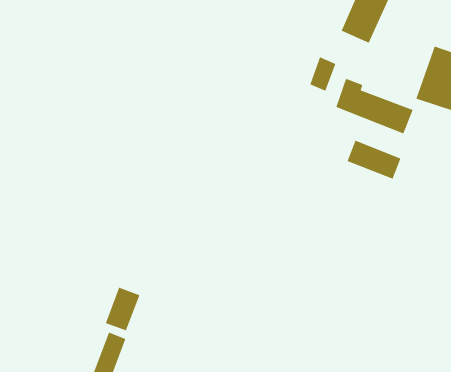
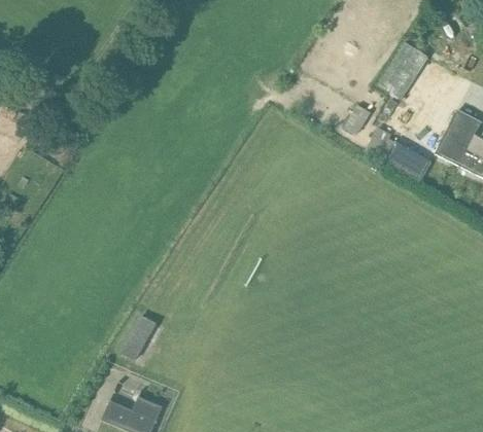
building: [347,140,401,180] -> none
building: [105,287,140,331] -> none

